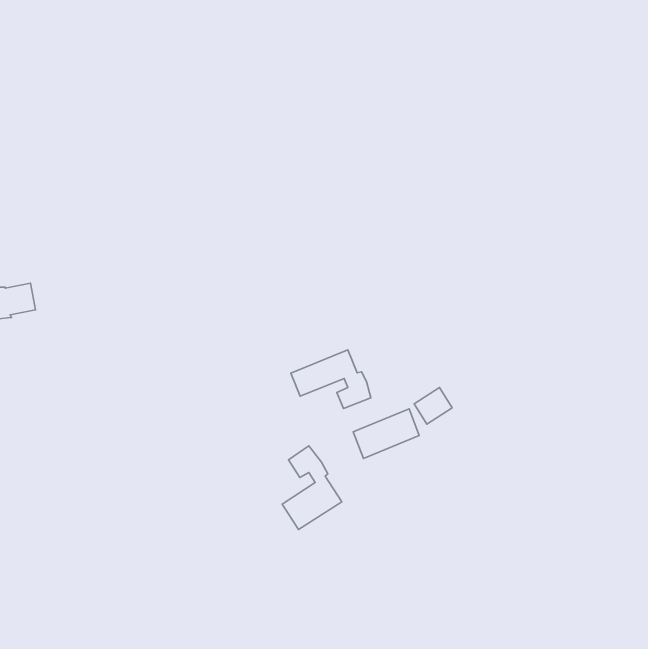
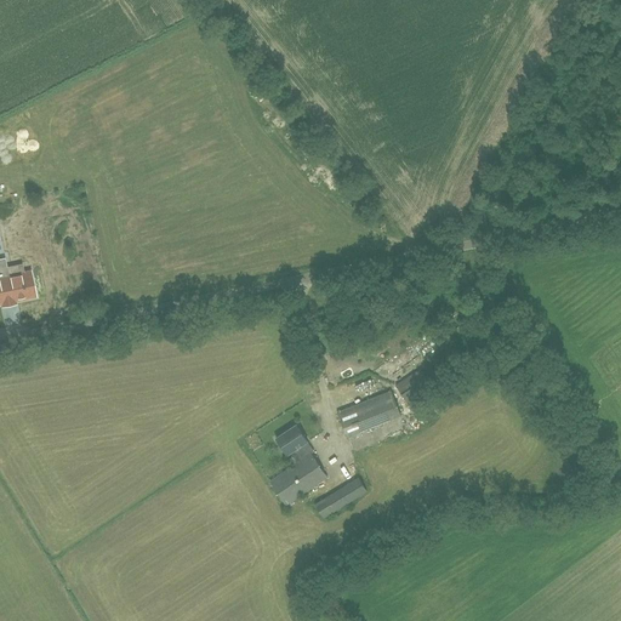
building: [291,350,371,409] -> none
building: none -> [314,478,366,518]

